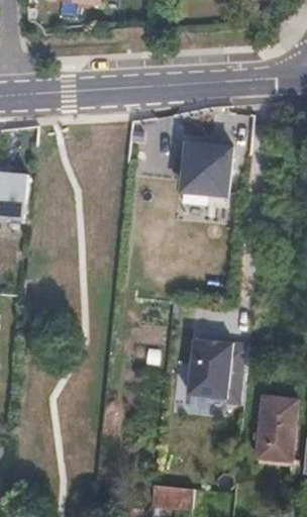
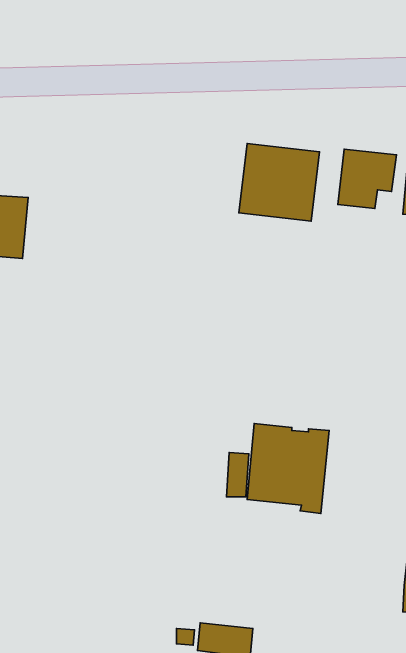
building: none -> [338,149,397,208]
building: [258,396,296,459] -> none

